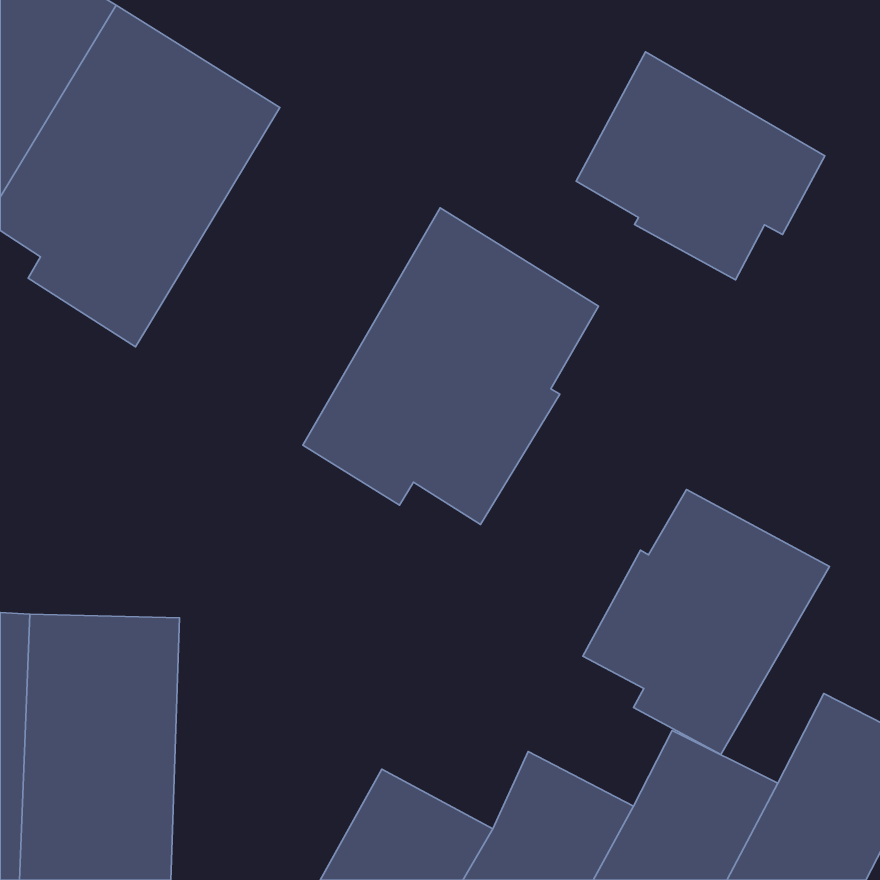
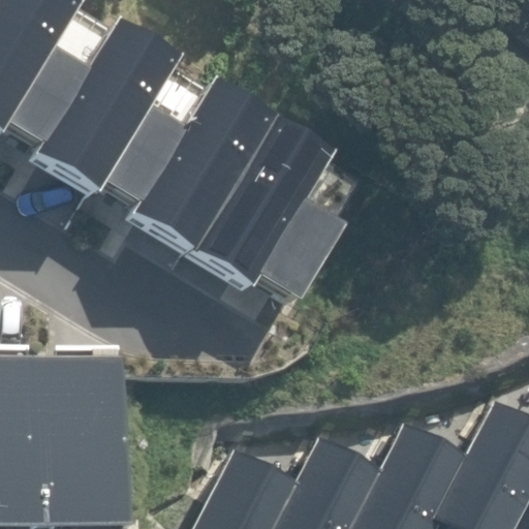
building: [576,52,825,280] -> none
building: none -> [99,63,270,261]
building: [583,489,830,755] -> none

